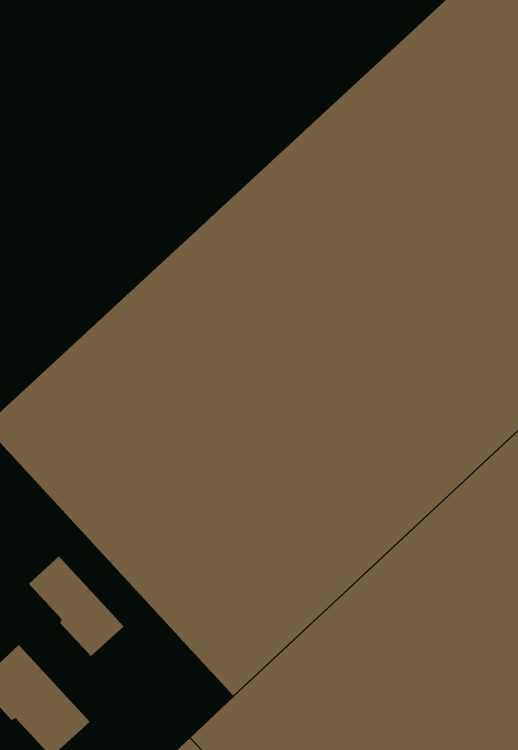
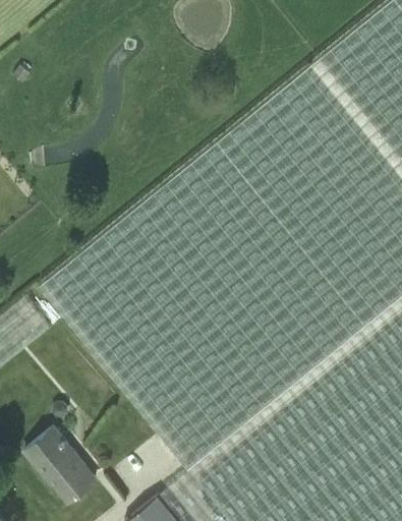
building: [28,556,125,657] -> none

